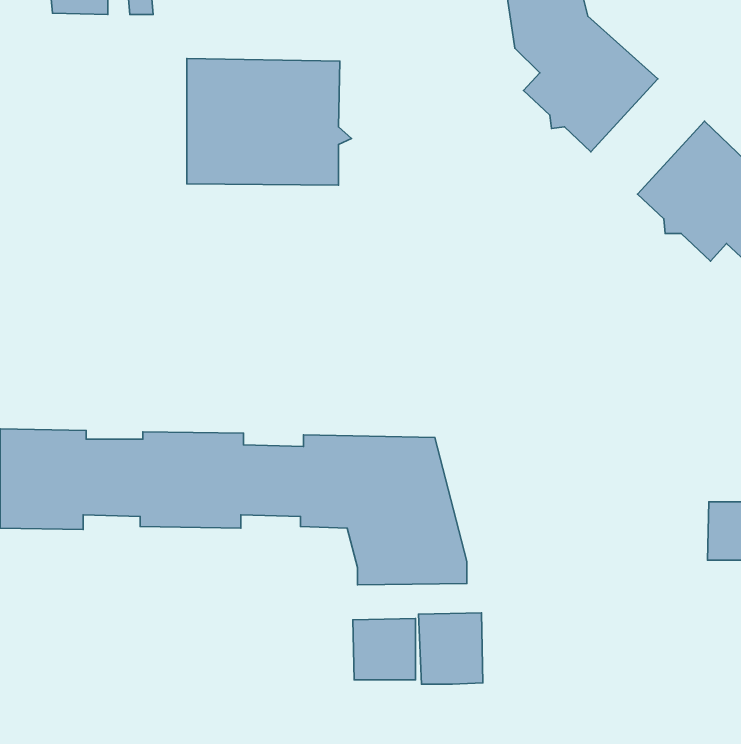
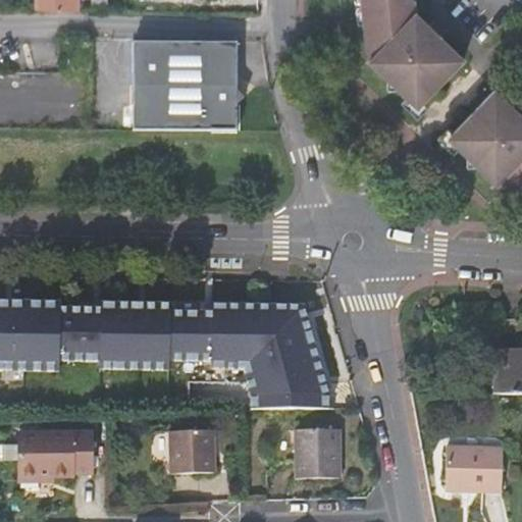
building: [353,619,416,680] -> [165,431,209,474]
building: none -> [13,436,86,483]
building: none -> [449,447,506,492]

